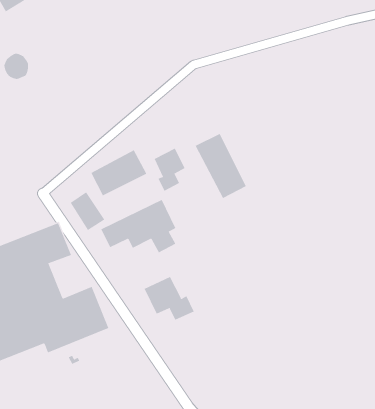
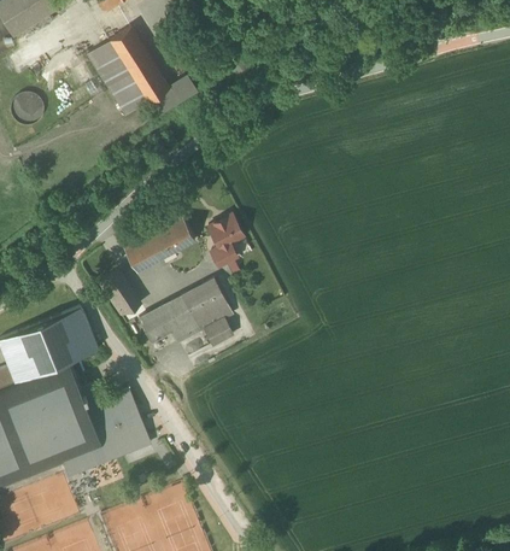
building: none -> [84,25,200,117]
building: [195,133,247,199] -> none
building: [144,276,195,321] -> none

